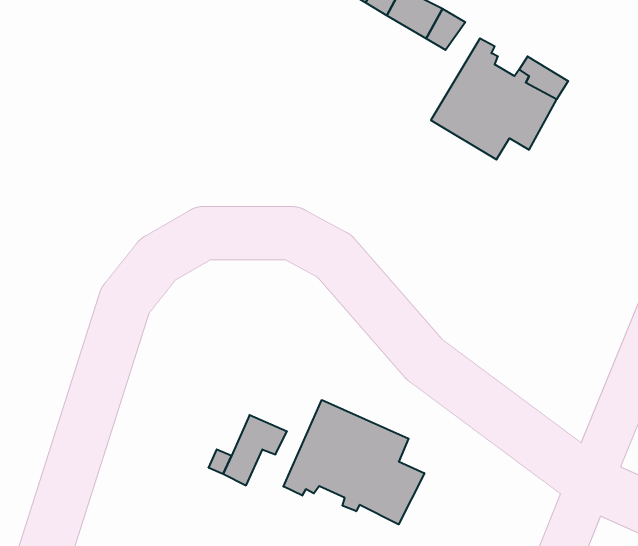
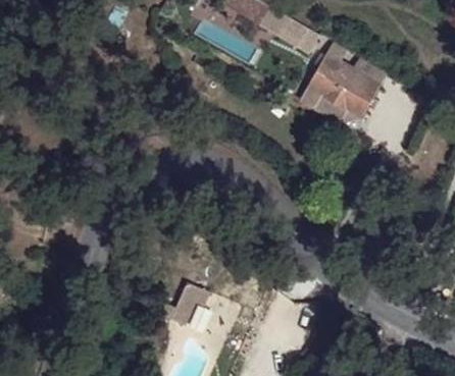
building: [283,400,424,524] -> none

